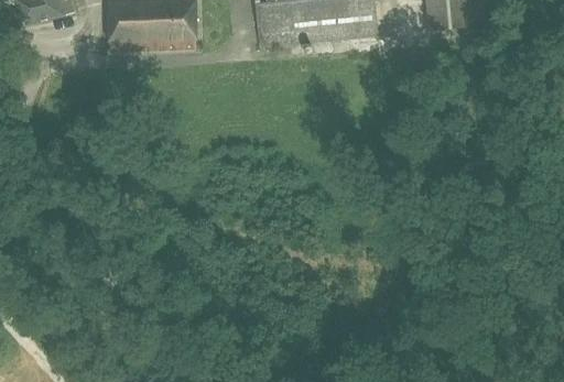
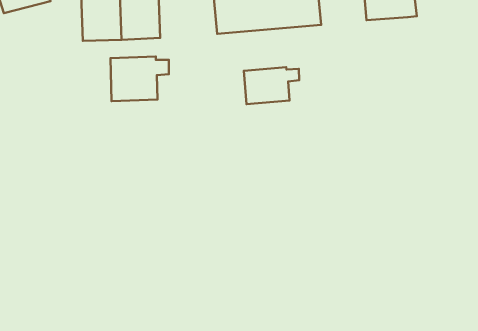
building: none -> [111,57,169,101]
building: none -> [244,67,299,104]

